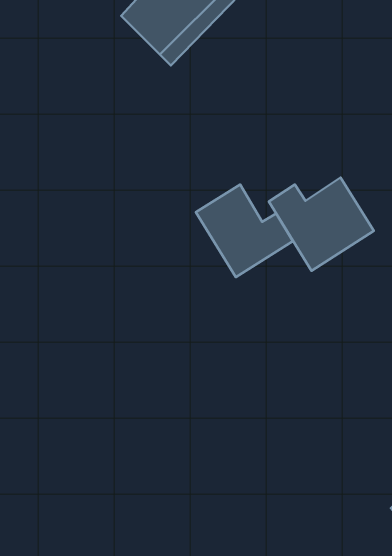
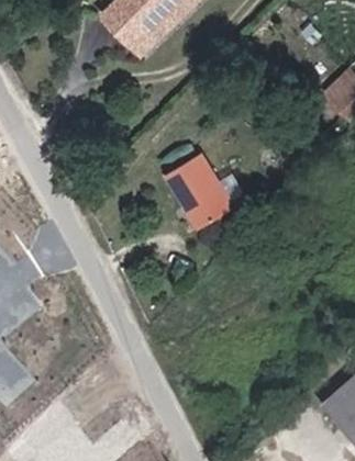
building: [269,177,374,271] -> none

